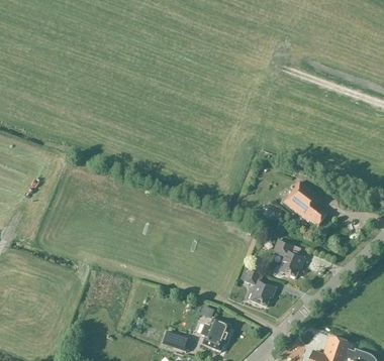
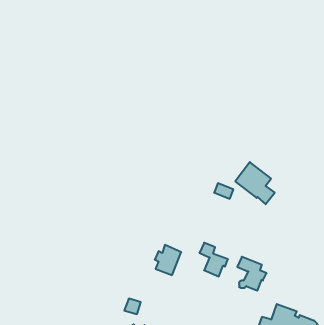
building: [273,239,305,276] -> [237,257,267,291]
building: [201,317,230,350] -> [155,245,181,275]

